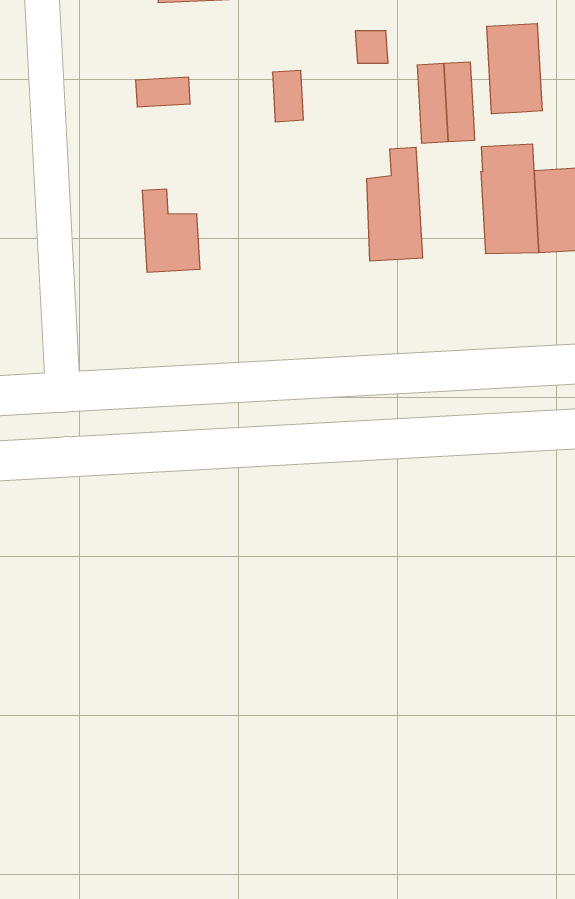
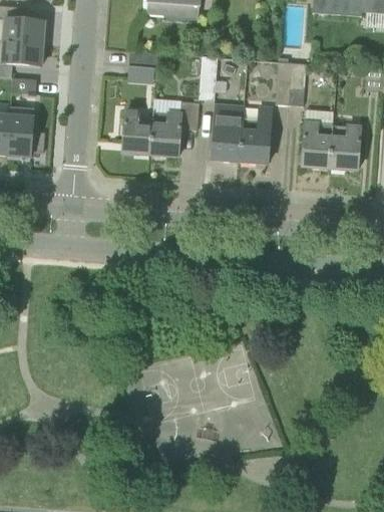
building: [487,23,542,114] -> none
building: none -> [212,102,245,162]
building: none -> [150,98,198,157]

